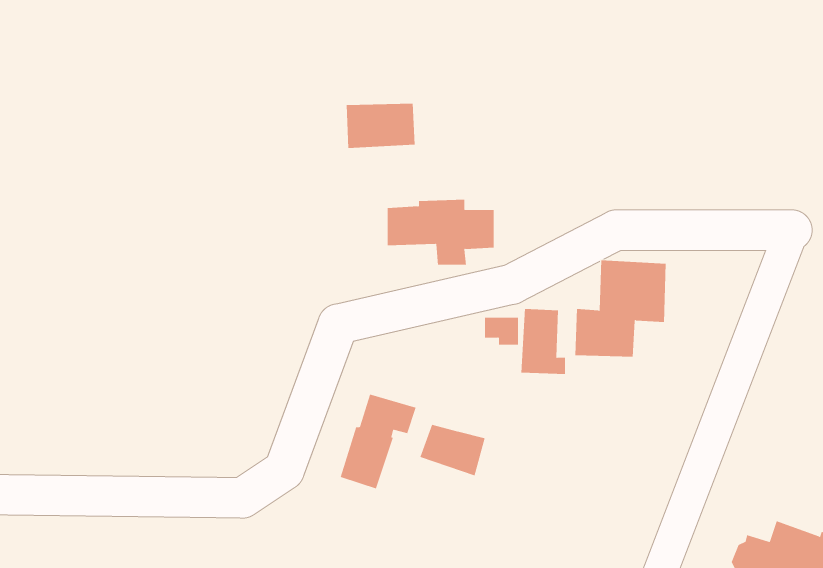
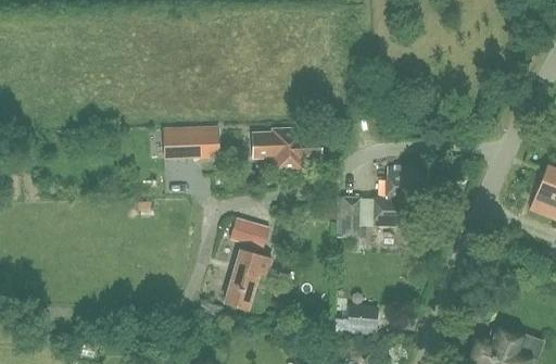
building: [346,103,415,148] -> [174,129,217,158]
building: [419,424,485,476] -> [227,216,268,249]
building: none -> [346,306,376,331]

